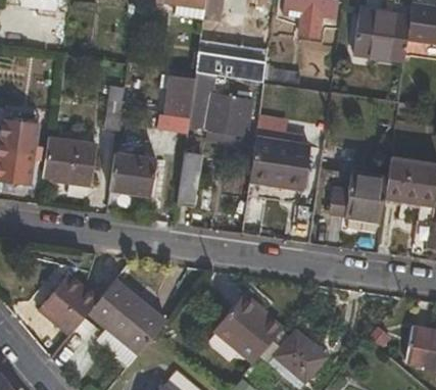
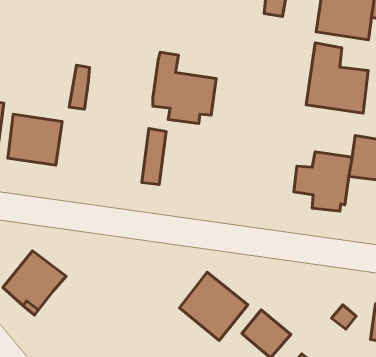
building: [195,39,267,83] -> none
building: [165,79,193,119] -> none
building: [248,118,310,189] -> [306,43,368,113]
building: [110,153,157,195] -> none
building: [88,278,167,356] -> none

